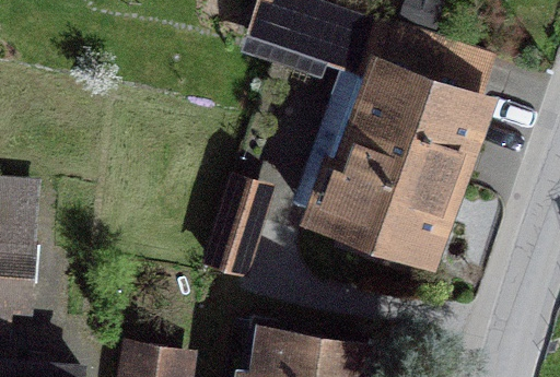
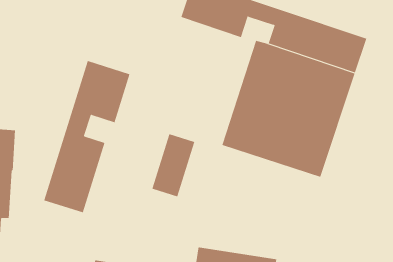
building: none -> [44,60,130,213]

